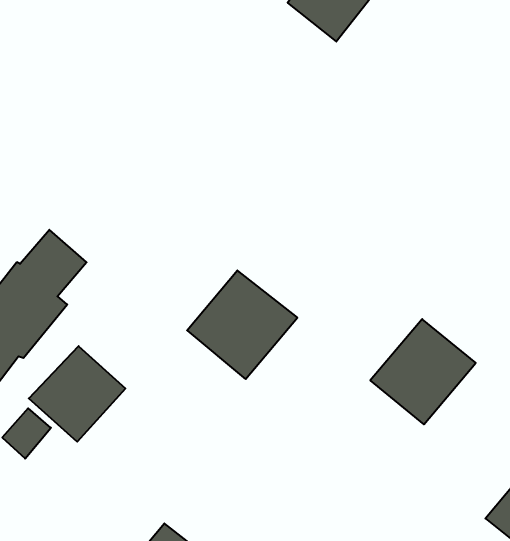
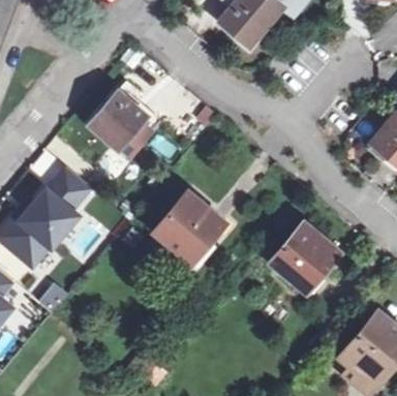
building: none -> [90,93,158,158]
building: [29,346,125,442] -> none

